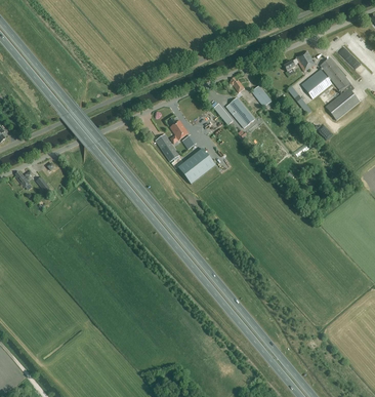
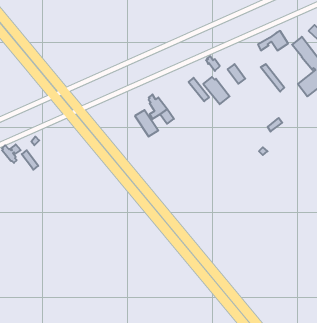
building: [301,69,332,97] -> none
building: [177,148,215,184] -> none

